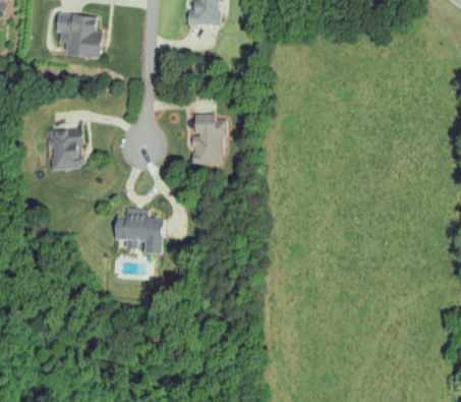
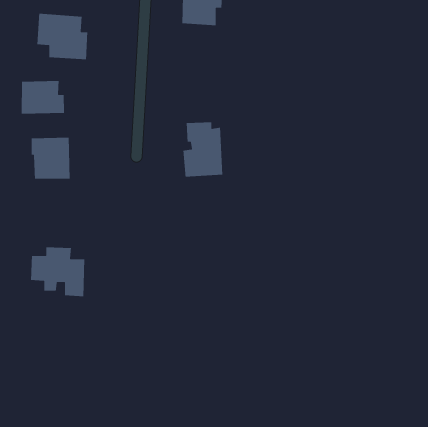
building: none -> [21,80,65,115]
building: [113,208,164,254] -> [30,247,85,297]

